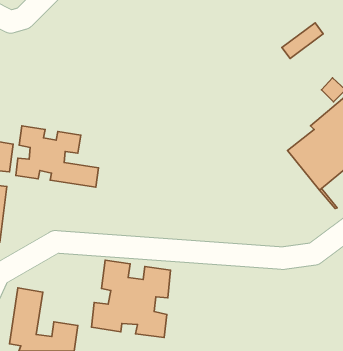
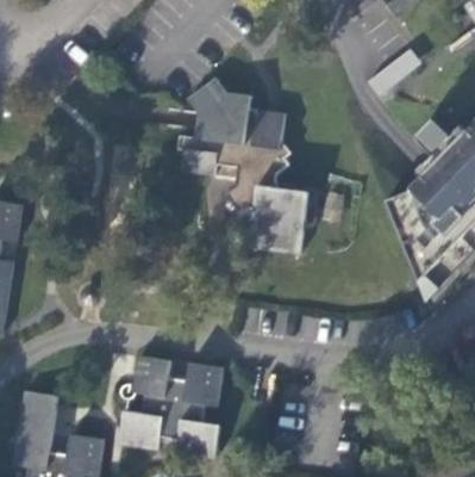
building: none -> [179,78,307,250]
building: [16,126,99,187] -> none

